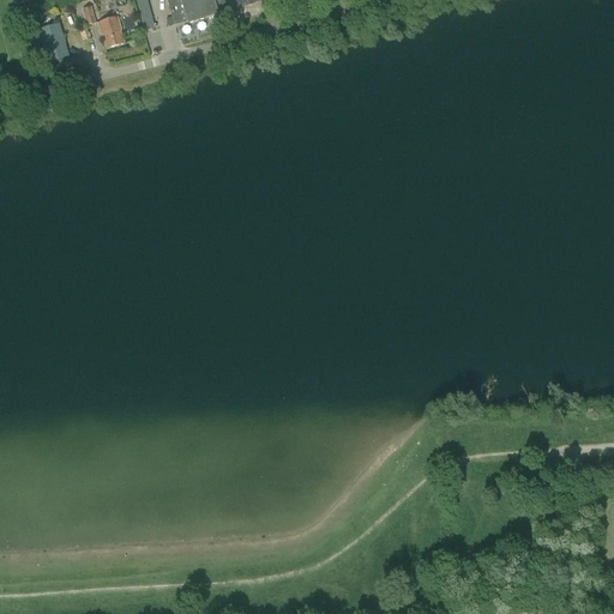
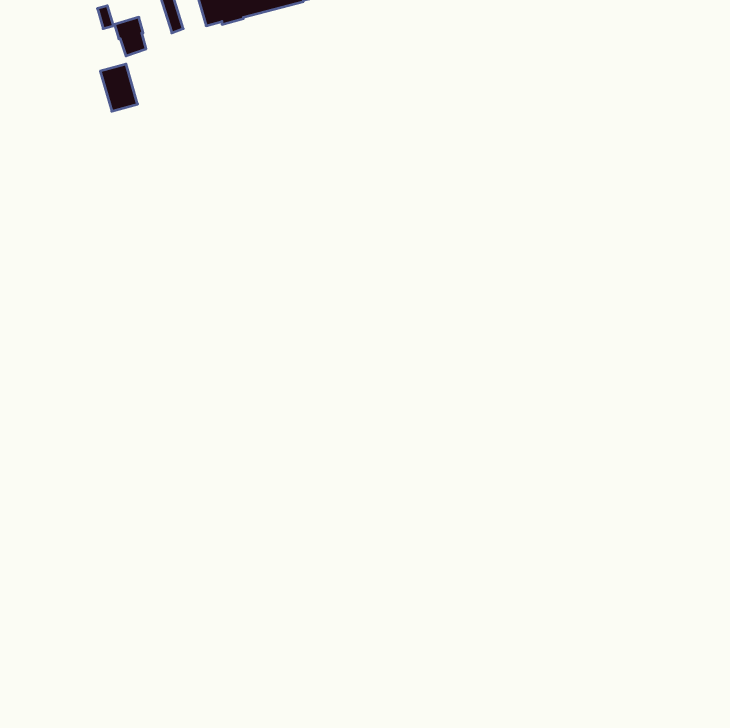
building: [37,20,68,60] -> [100,64,138,111]

